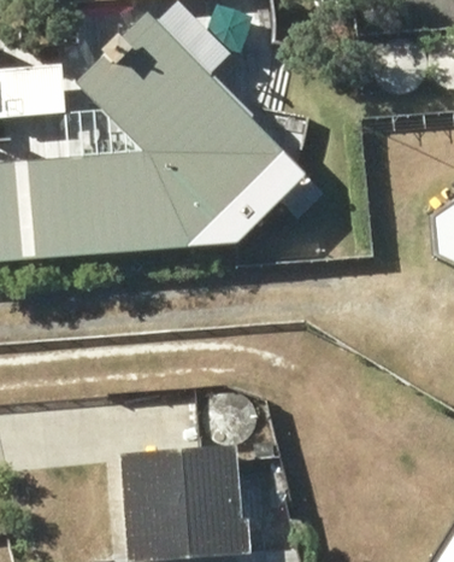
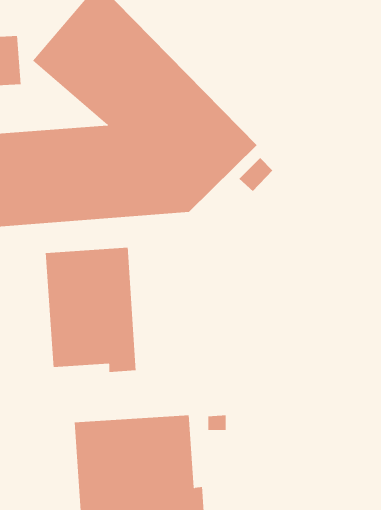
building: none -> [45,247,136,373]

